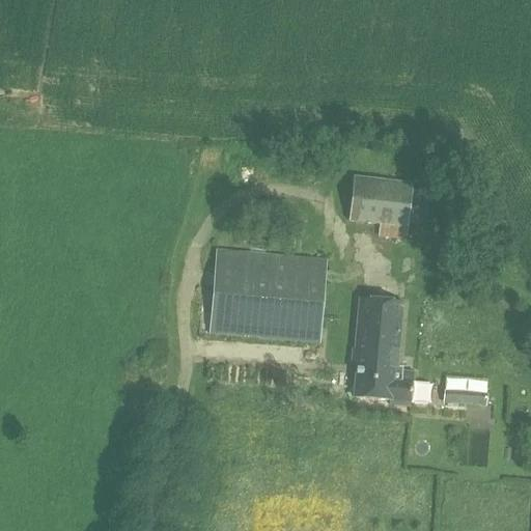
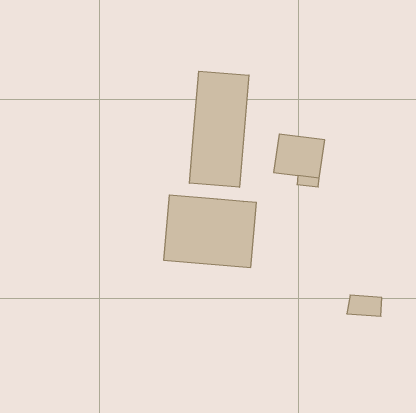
building: none -> [189,71,249,187]
building: [354,297,413,404] -> none

